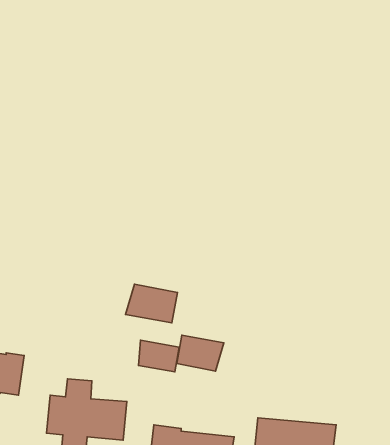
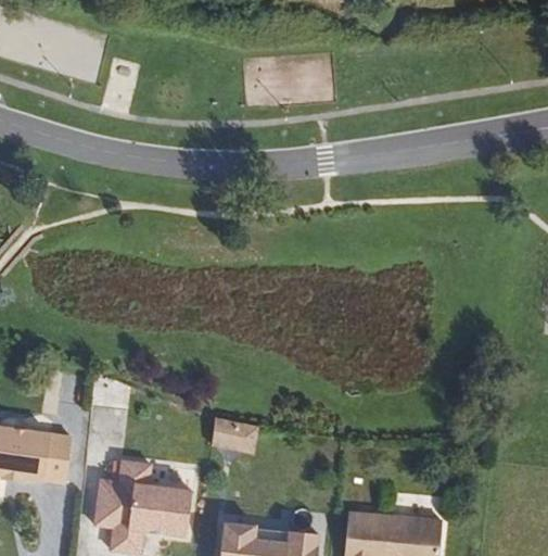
building: [125,284,177,323] -> none
building: [177,335,224,371] -> none

